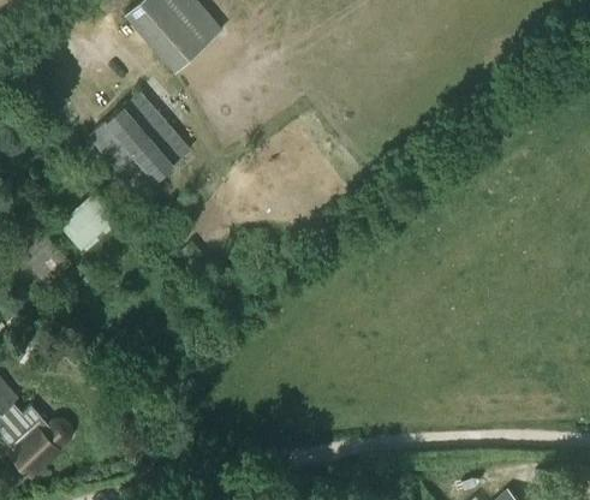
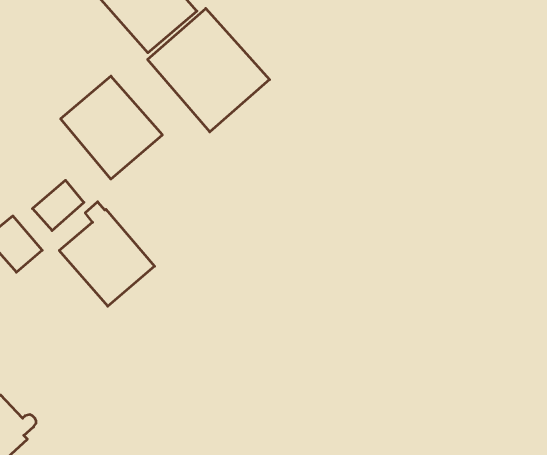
building: none -> [148,8,270,132]
building: none -> [59,202,155,306]

